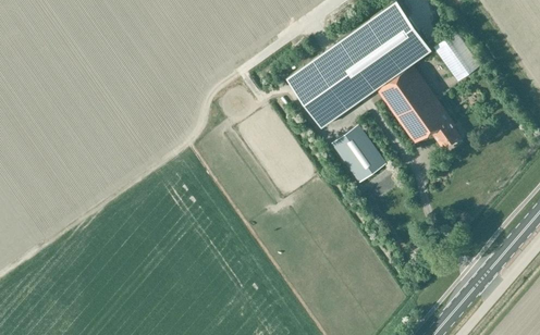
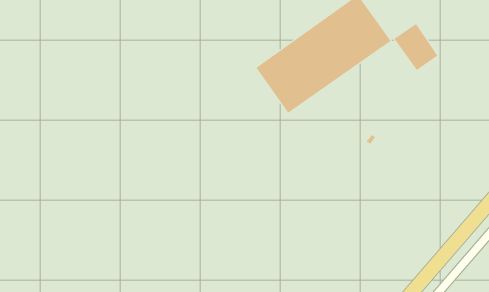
building: [378,65,459,148] -> none
building: [333,126,385,182] -> none

